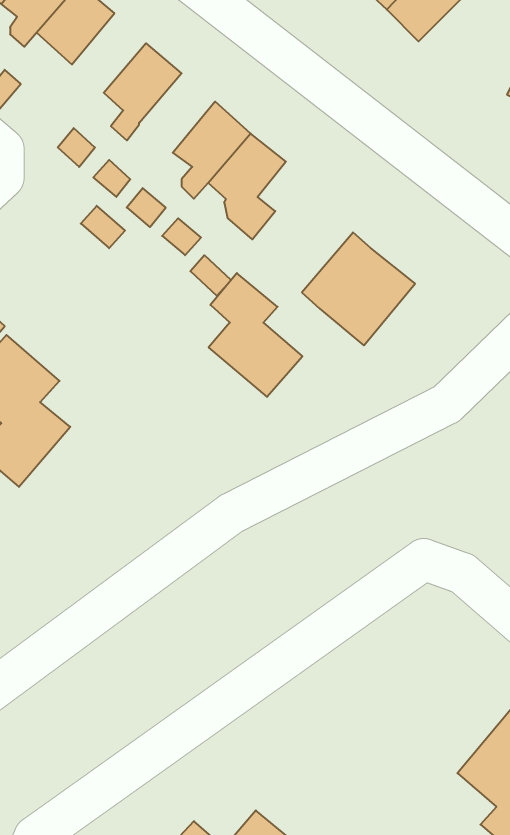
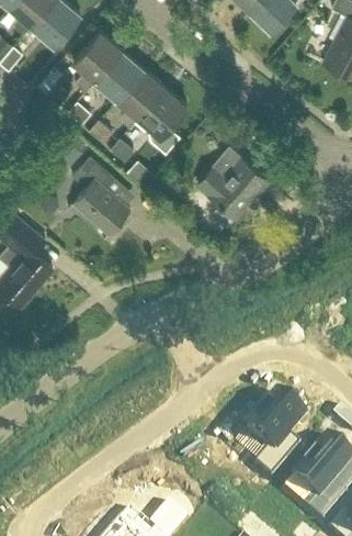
building: none -> [94,49,141,99]
building: [209,273,302,397] -> [71,157,129,234]
building: none -> [249,398,306,483]

